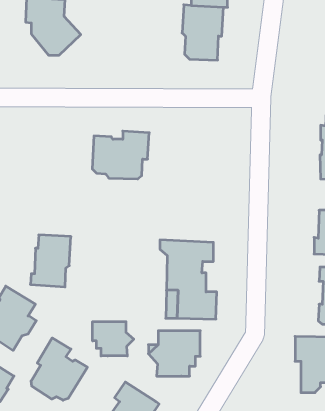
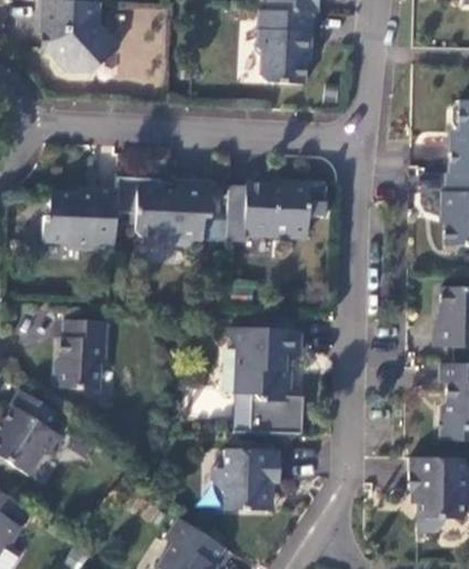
building: none -> [226,182,310,241]
building: none -> [42,190,118,250]
building: [93,322,134,356] -> none
building: [31,338,87,400] -> none

